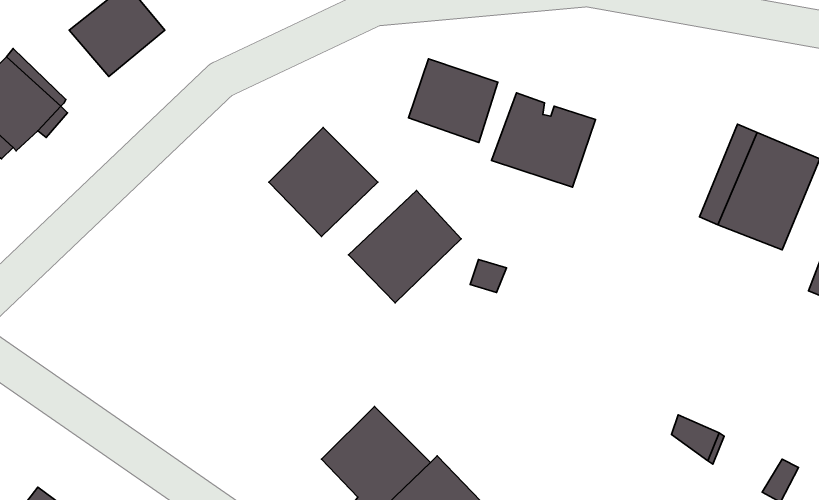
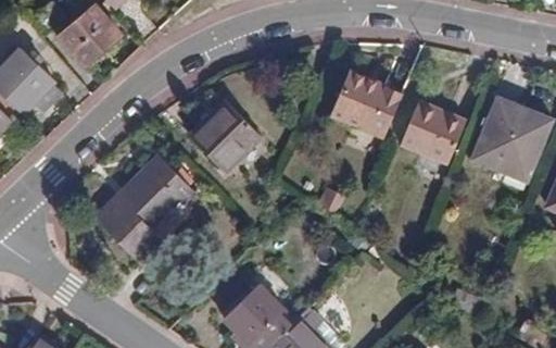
building: [409,59,498,142] -> none
building: none -> [406,107,466,160]
building: [349,191,461,303] -> none
building: none -> [93,158,193,277]

